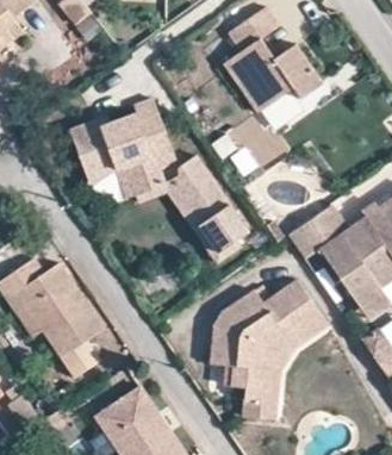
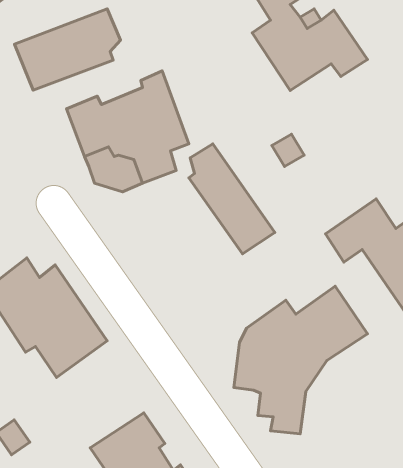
building: none -> [14,9,121,90]
building: [241,319,328,423] -> none

